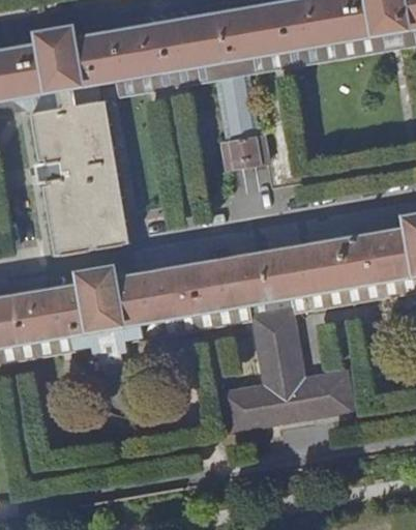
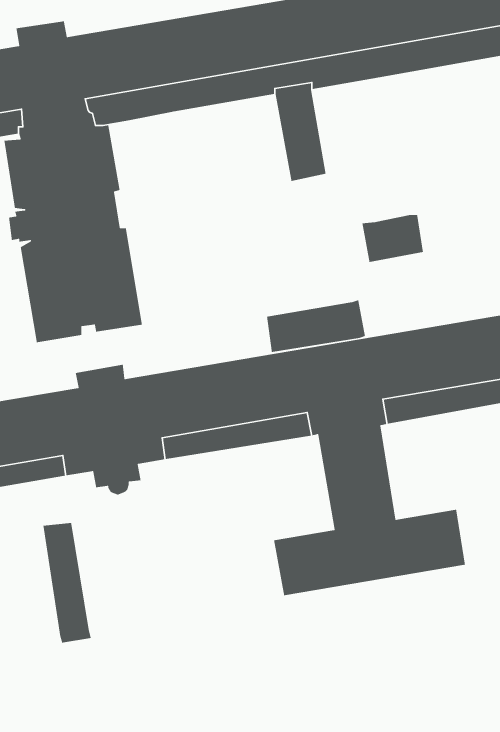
building: [221,132,265,167] -> [362,214,424,263]
building: none -> [266,299,366,353]
building: none -> [42,522,92,644]

